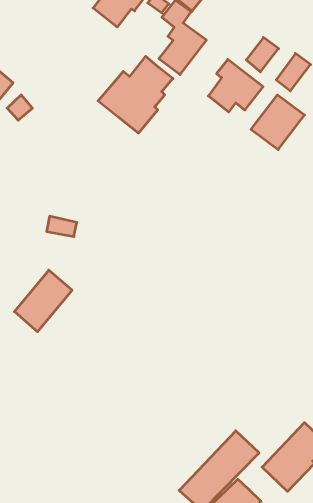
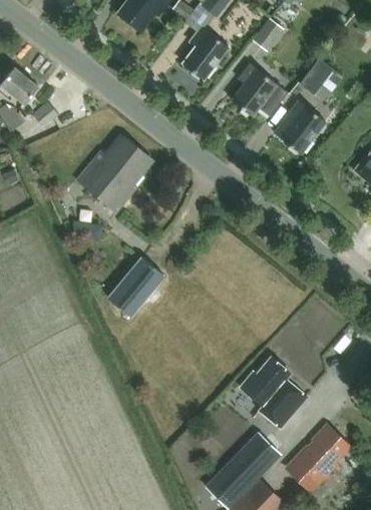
building: [246,37,279,72] -> [252,17,284,51]
building: [98,56,173,133] -> [77,136,151,212]
building: [14,270,72,332] -> [106,256,163,317]
building: none -> [242,358,308,429]

